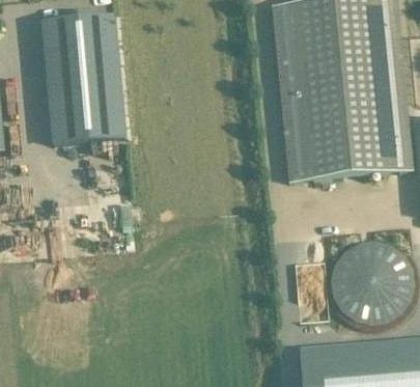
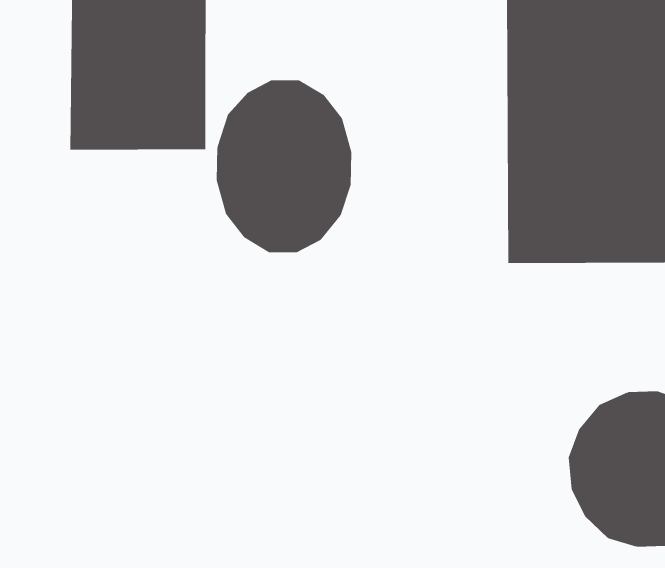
building: none -> [216,79,352,253]

